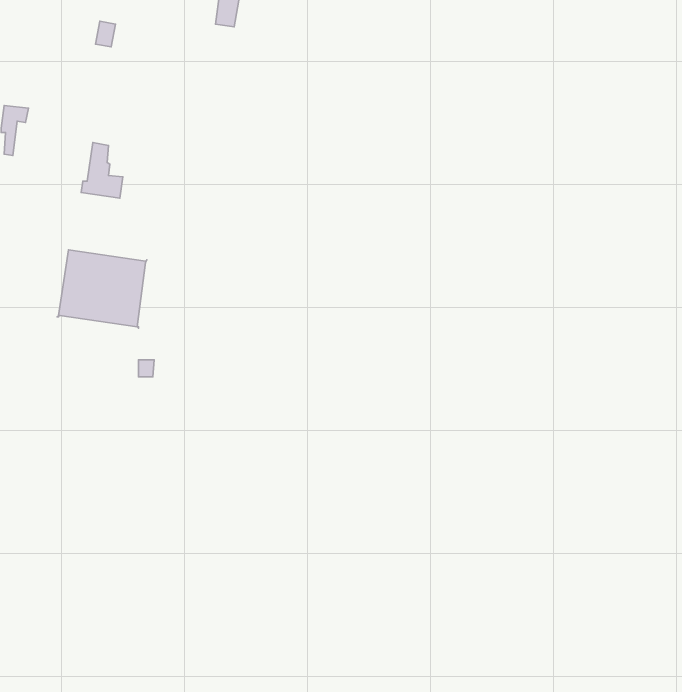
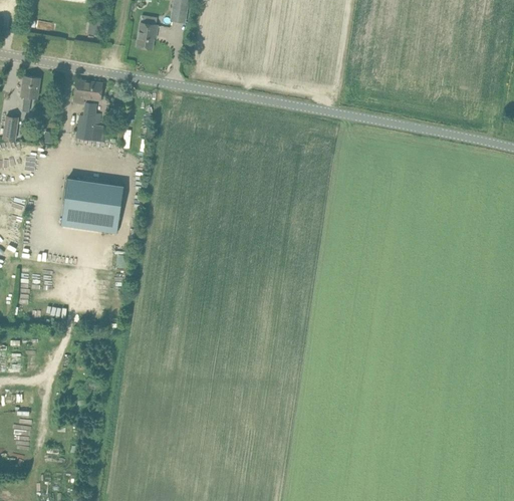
building: none -> [137,16,157,49]
building: none -> [73,80,101,105]

